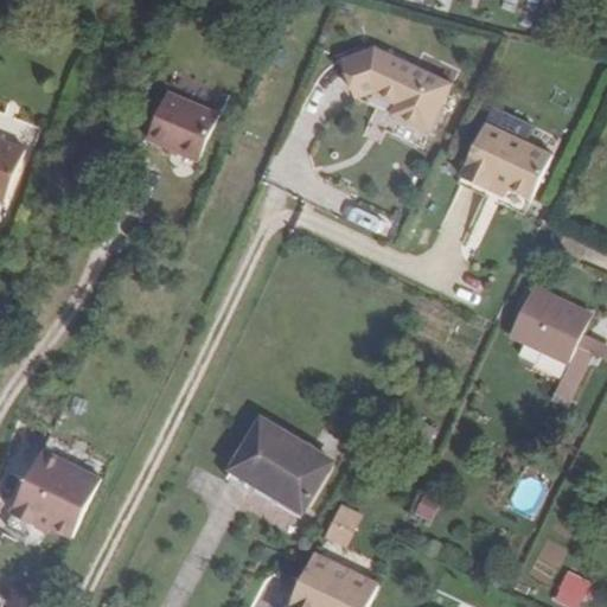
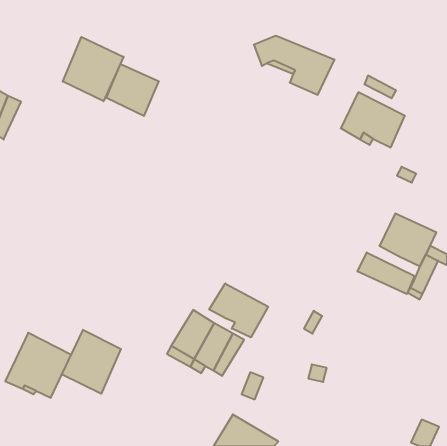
building: none -> [63,37,124,101]
building: none -> [358,252,414,294]
building: none -> [209,283,268,337]
building: none -> [62,330,121,394]

